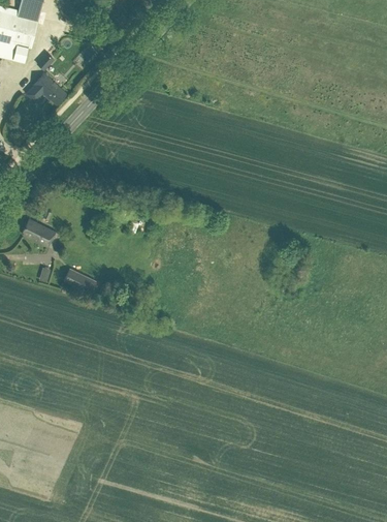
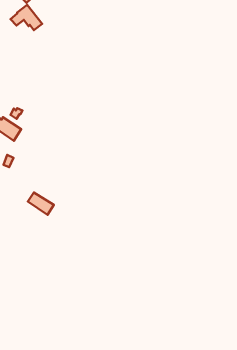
building: [63,269,96,295] -> [28,192,54,215]

